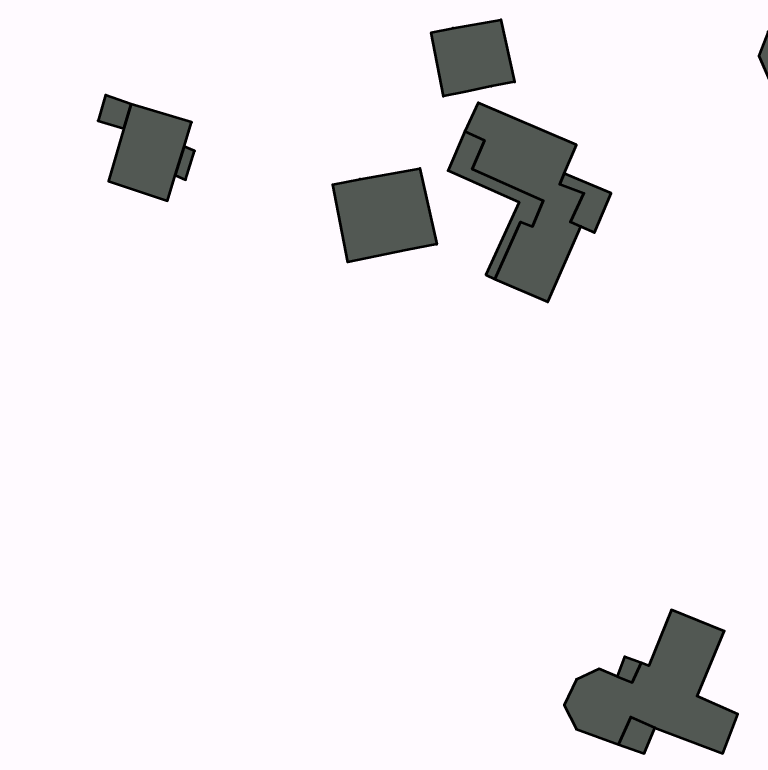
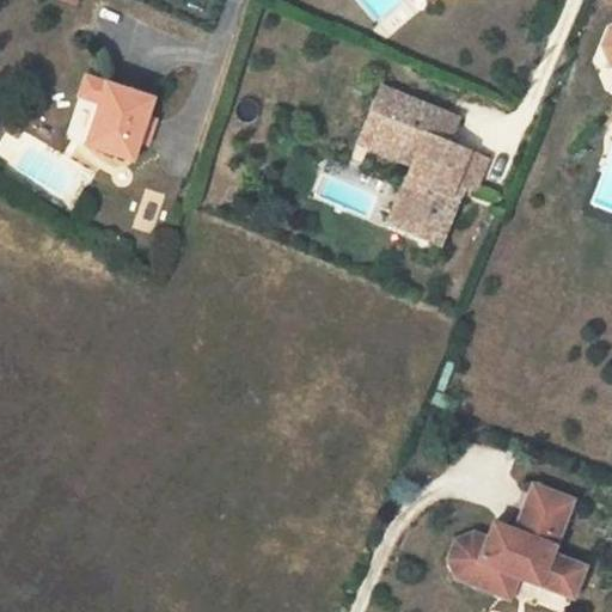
building: [431,20,515,96] -> none
building: [333,168,437,262] -> none

